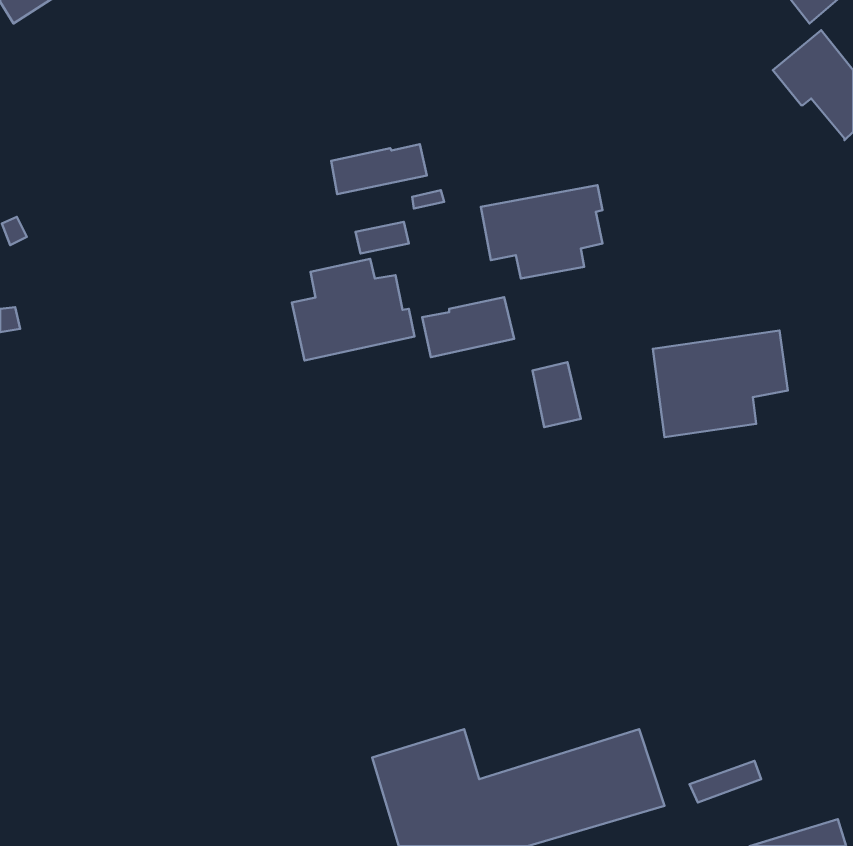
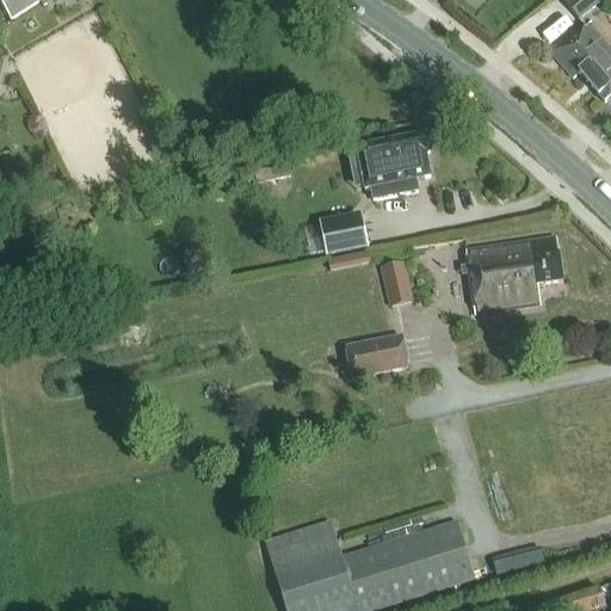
building: [331,144,427,194] -> none
building: [292,259,415,361] -> none
building: none -> [345,333,408,376]

